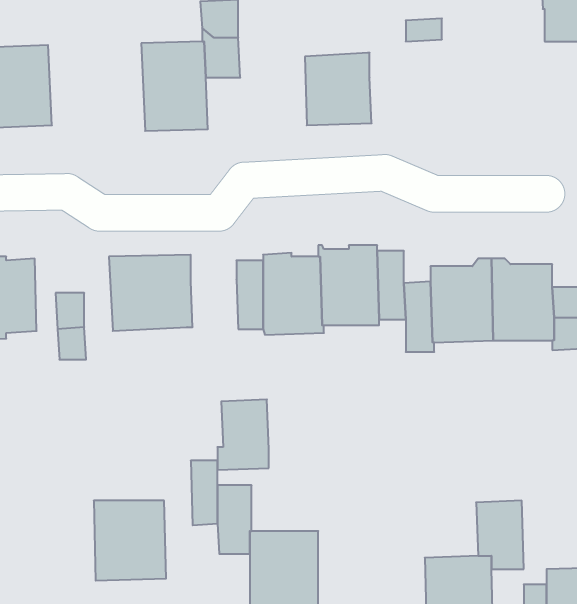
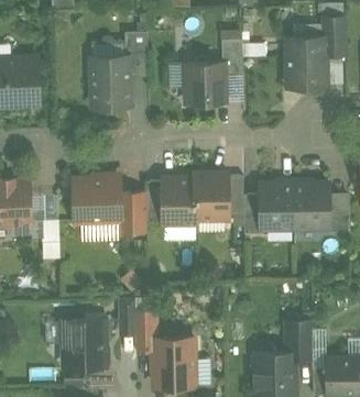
building: none -> [286,36,325,86]
building: none -> [220,40,242,76]
building: [217,399,269,470] -> [117,192,146,233]

